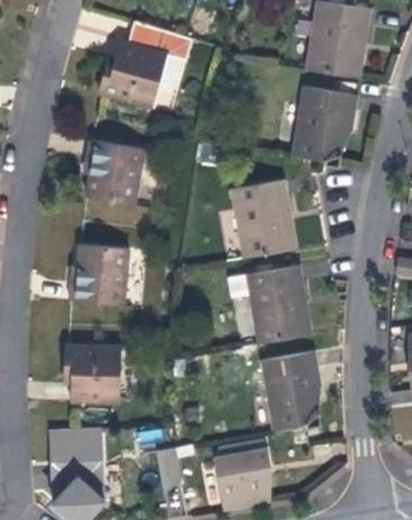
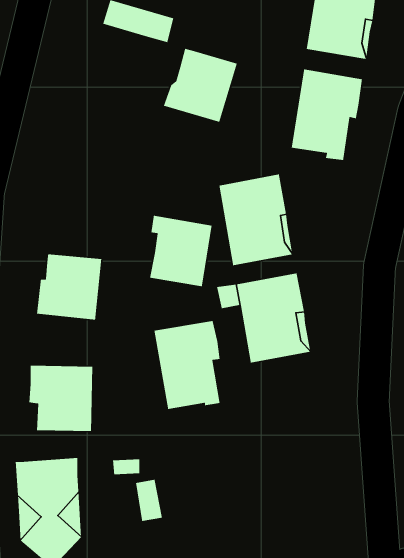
building: [100,44,165,110] -> [163,48,238,123]
building: [86,143,141,207] -> [149,215,213,287]
building: [261,350,320,429] -> [154,320,221,410]
building: [213,439,270,509] -> none

